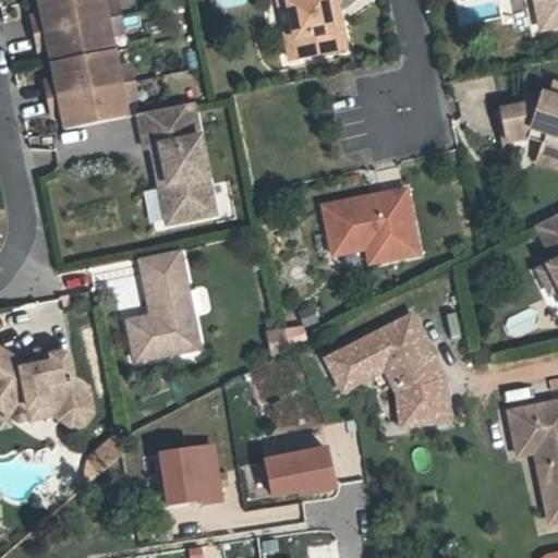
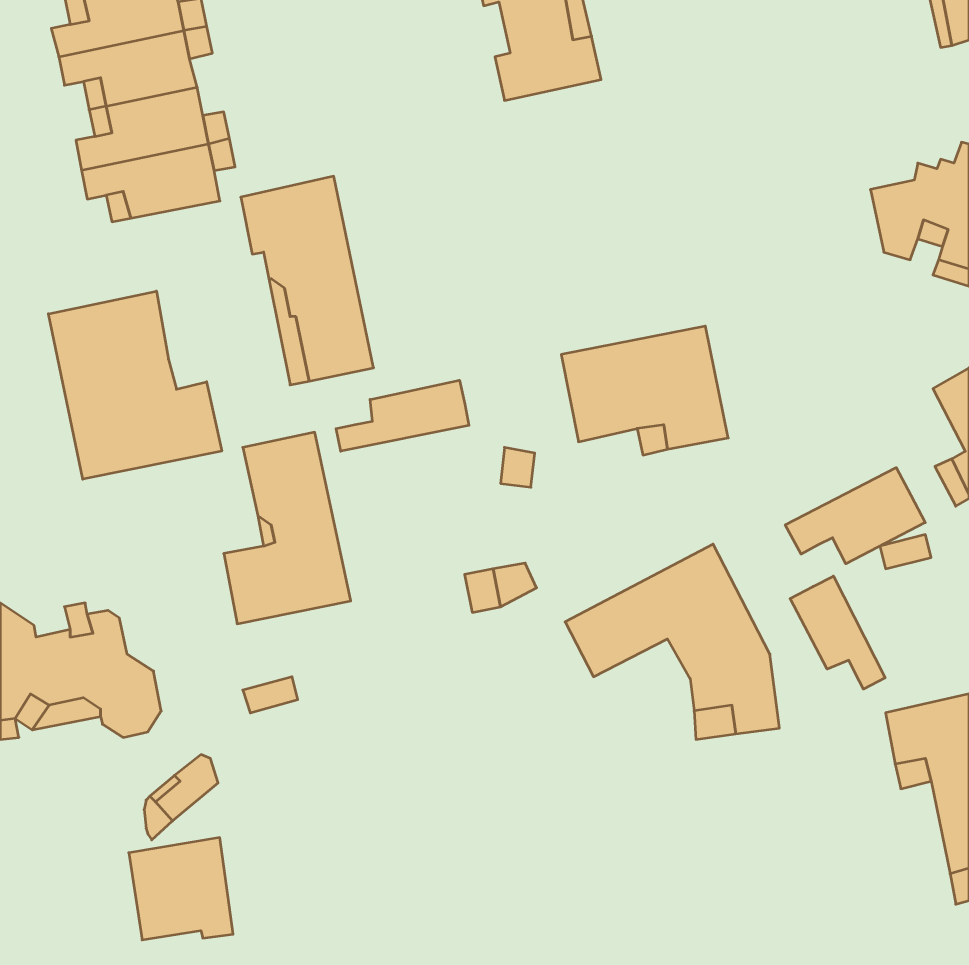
building: none -> [48,291,222,479]
building: none -> [336,380,469,451]
building: none -> [785,468,925,564]
building: none -> [790,576,885,689]
building: [160,444,220,502] -> [129,838,233,940]
building: [265,447,333,494] -> none

